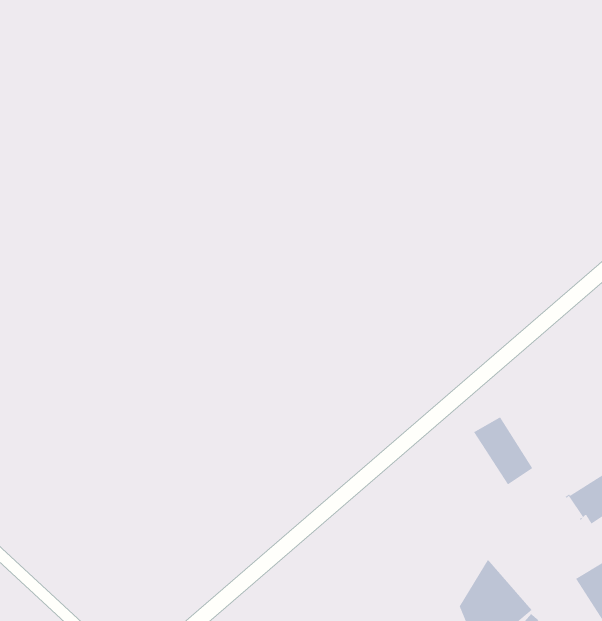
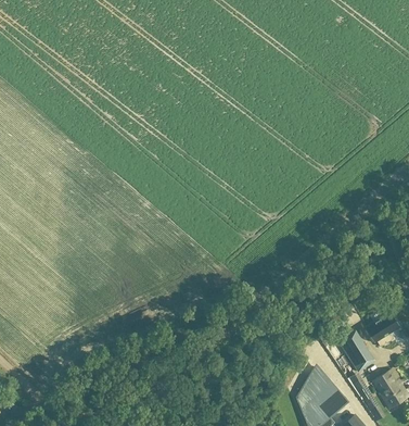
building: [473,417,533,485] -> [338,328,376,372]

